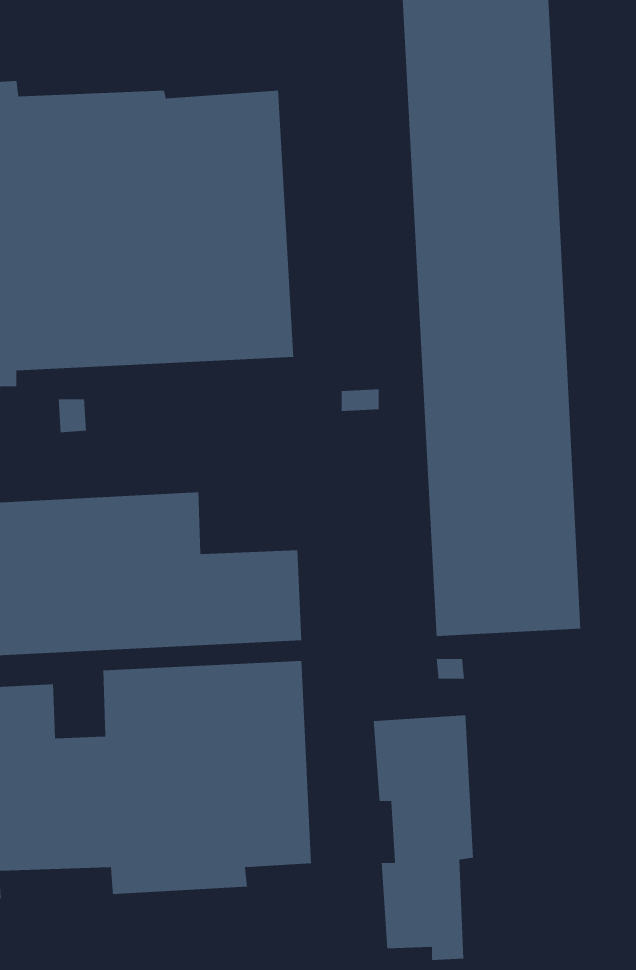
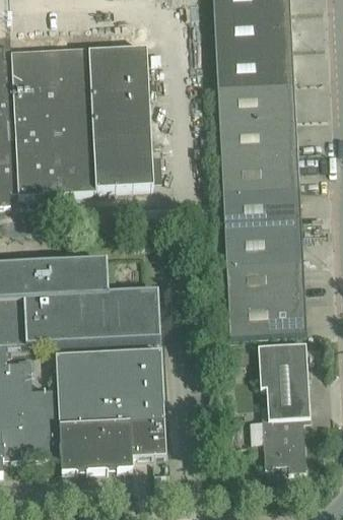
building: [373,715,474,961] -> [258,340,311,469]

